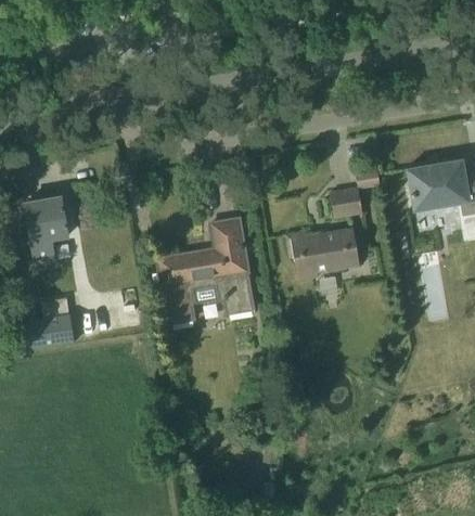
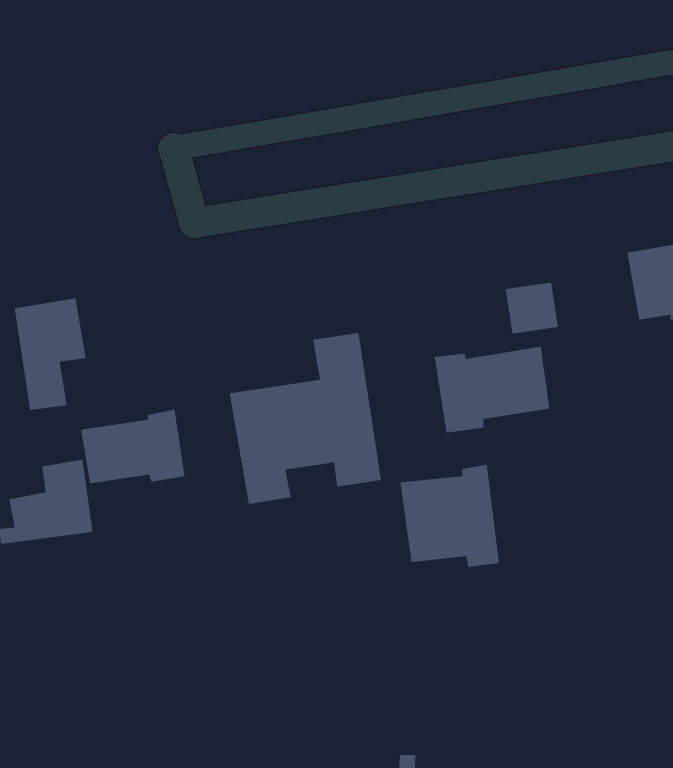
building: none -> [80,409,185,484]
building: none -> [400,464,500,568]

